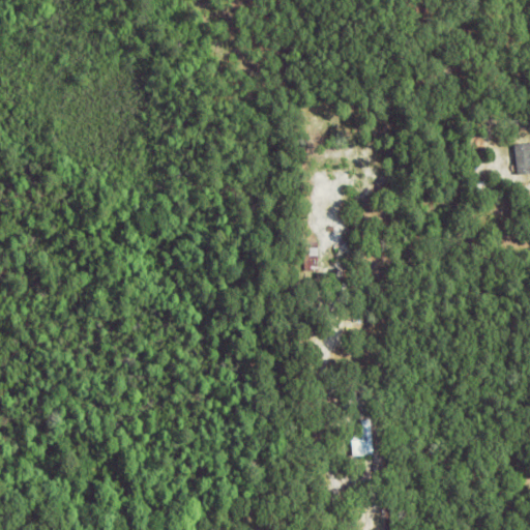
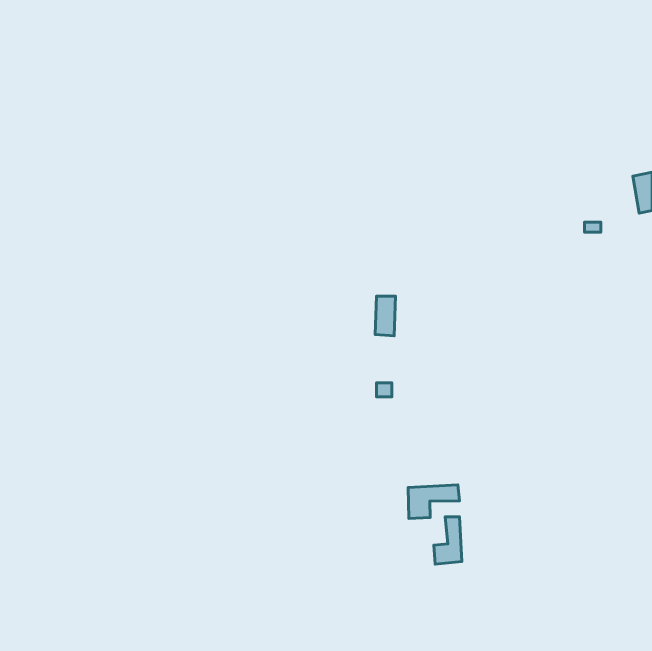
building: none -> [408,485,460,518]

